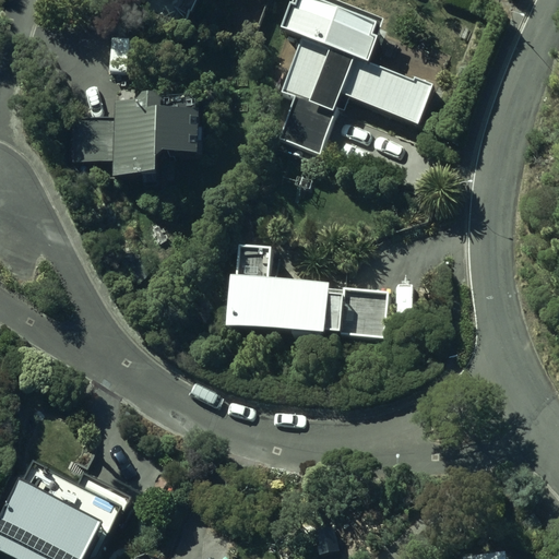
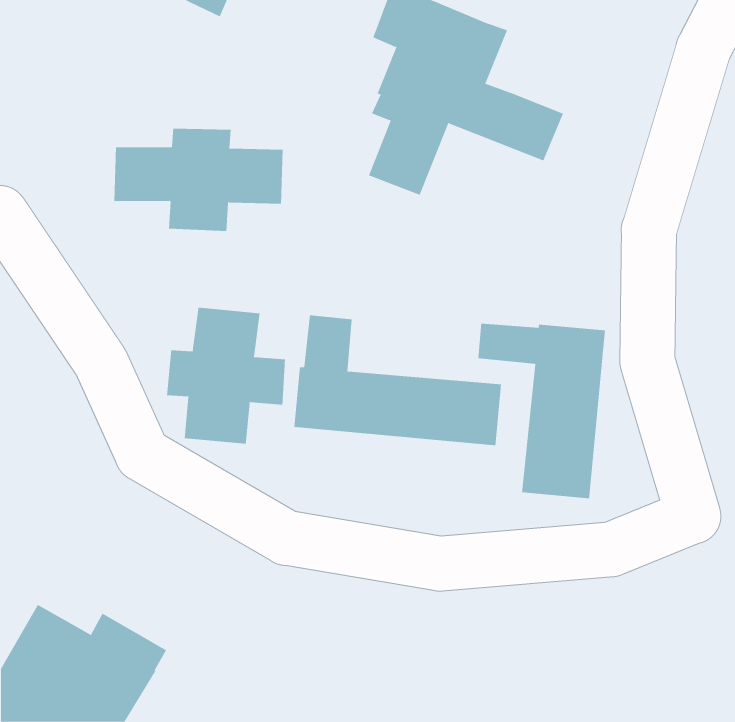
building: none -> [167,307,286,445]
building: none -> [478,323,605,499]

